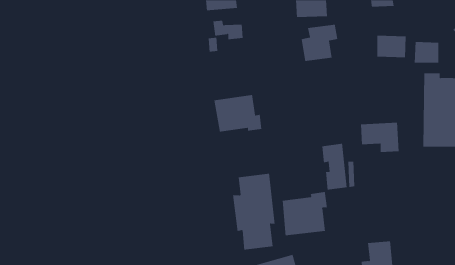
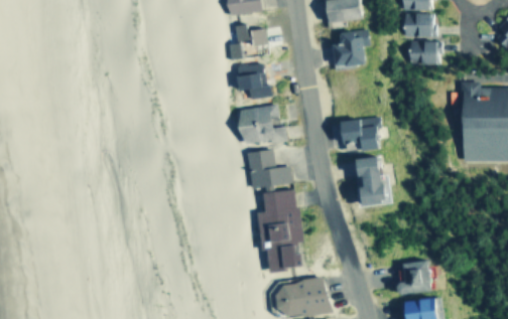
building: [414,42,439,63] -> [406,12,433,35]
building: none -> [238,71,271,99]
building: [360,122,400,152] -> [339,118,381,150]
building: none -> [247,149,293,188]
building: [282,191,328,236] -> none

